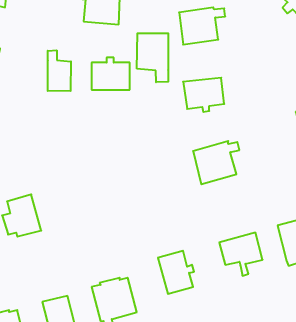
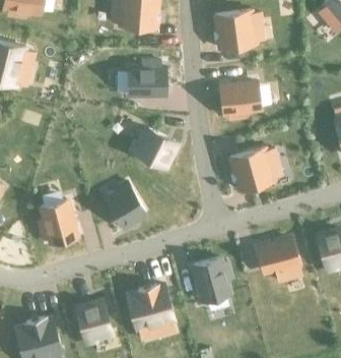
building: [137,33,168,82] -> none
building: [48,50,71,91] -> none
building: none -> [136,129,173,166]
building: none -> [108,187,144,225]

